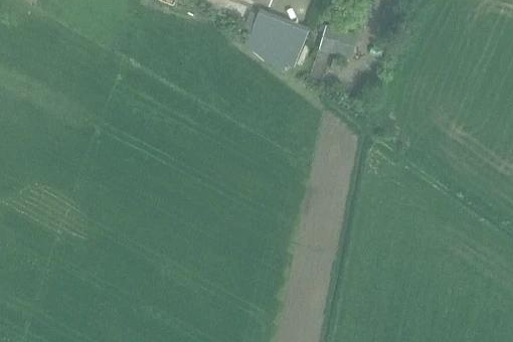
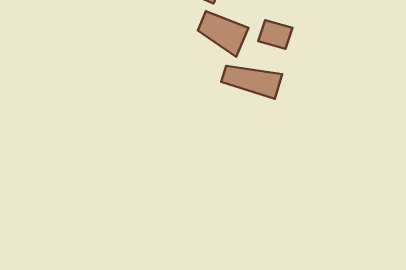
building: none -> [221,66,282,99]

